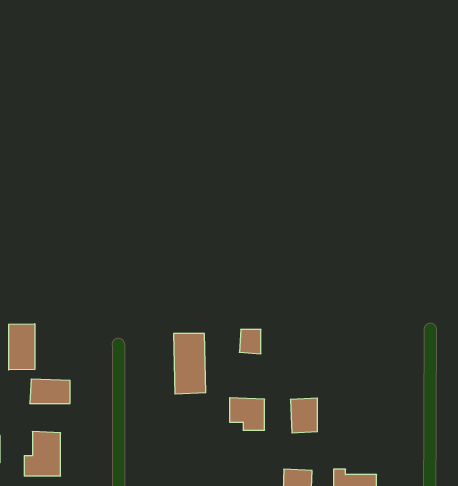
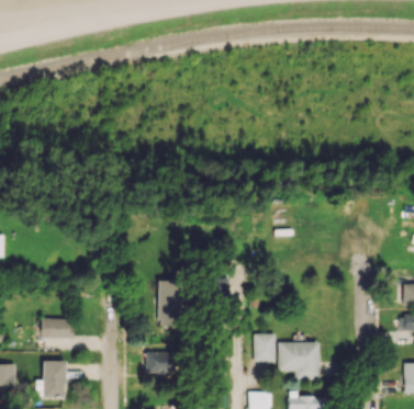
building: [9,324,35,370] -> none
building: [230,398,265,430] -> [146,352,175,378]
building: none -> [279,341,320,378]

